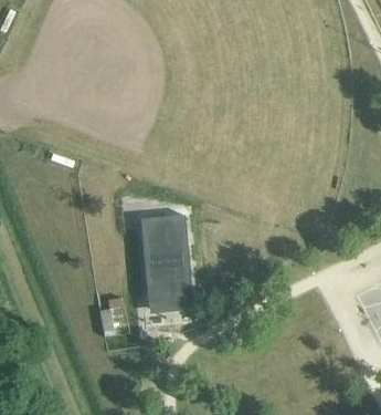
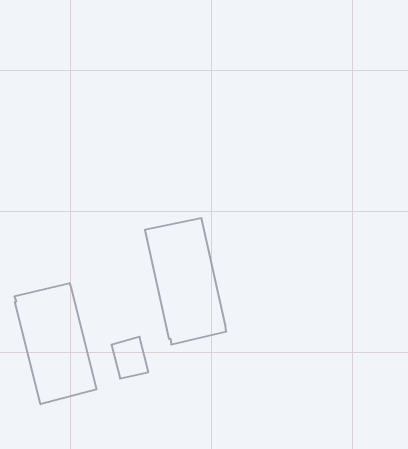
building: none -> [15,283,96,404]

